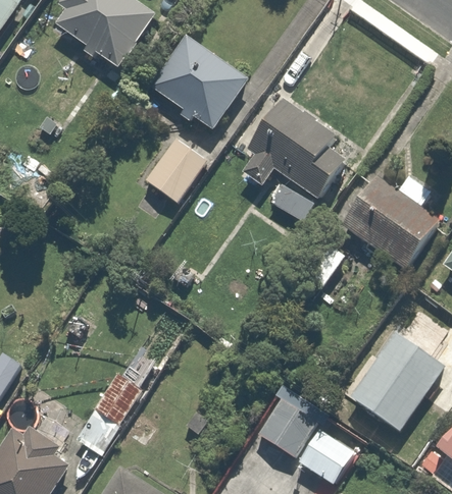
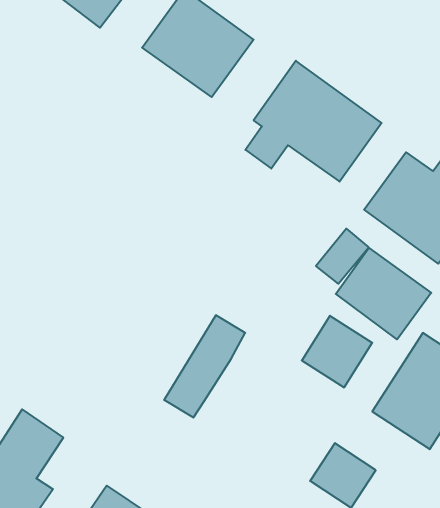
building: [143,128,212,202] -> none
building: none -> [336,248,431,339]
building: [74,368,145,456] -> [164,315,245,417]
building: [255,396,316,458] -> [302,316,372,387]

